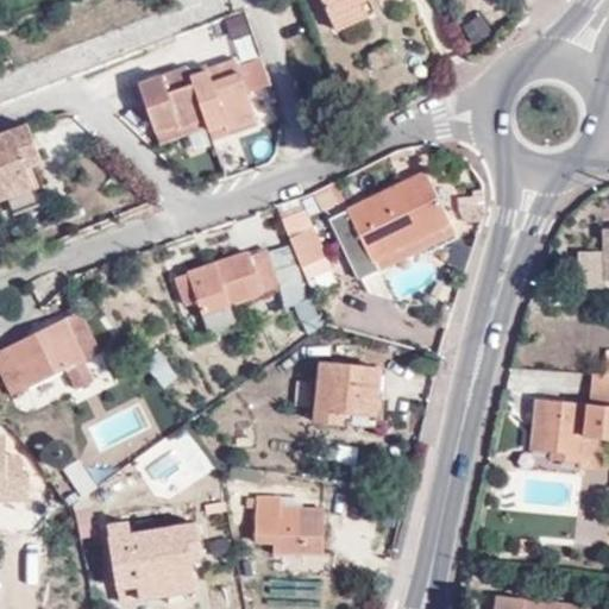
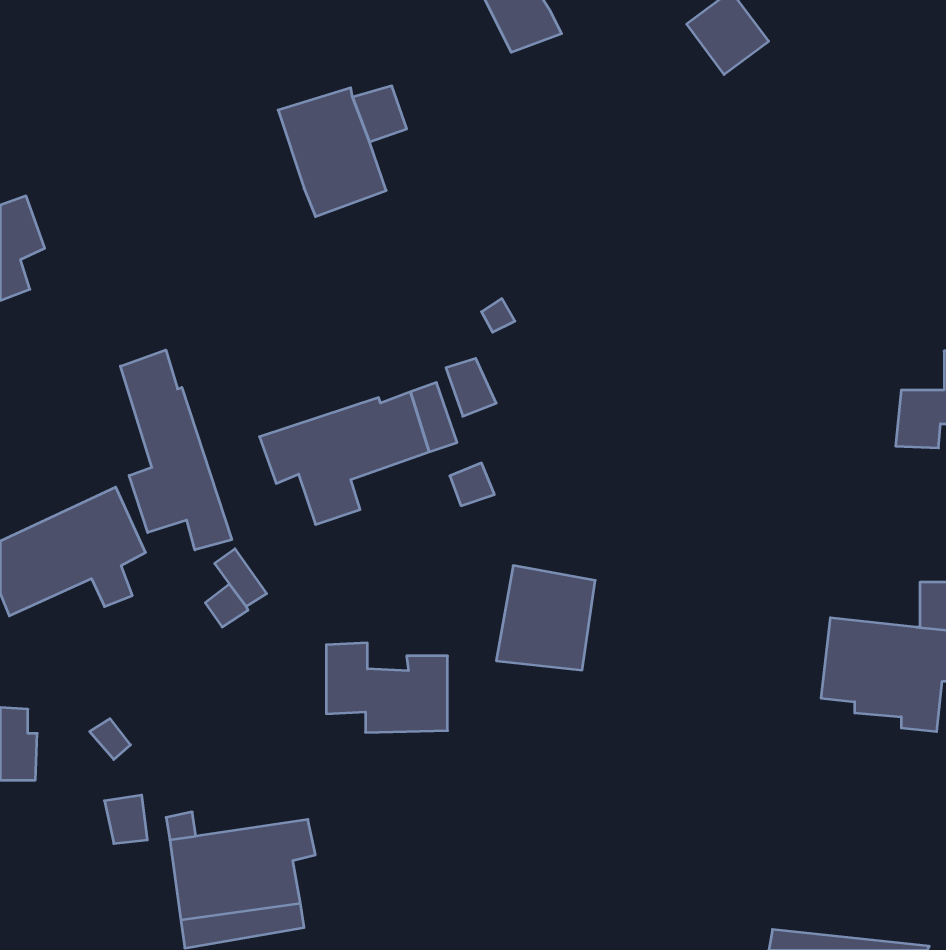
building: [119,65,199,132] -> none
building: [325,172,453,283] -> none
building: none -> [120,350,232,550]
building: [258,500,335,557] -> [326,643,448,732]

